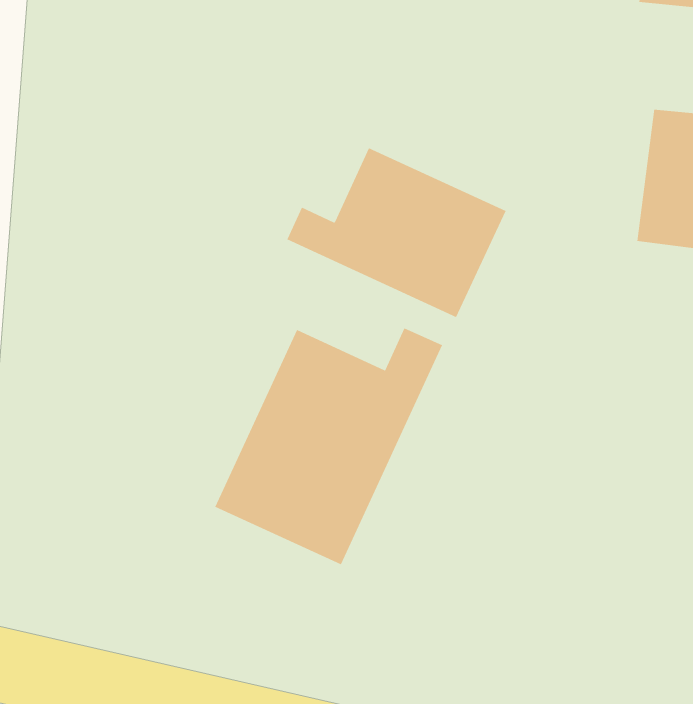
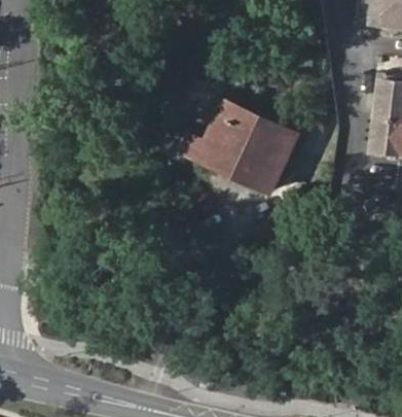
building: [214,327,443,565] -> none

